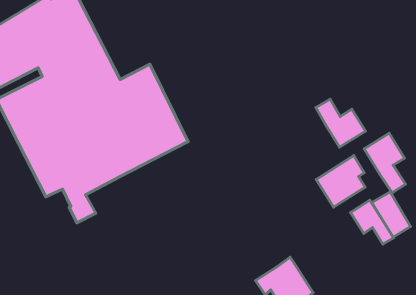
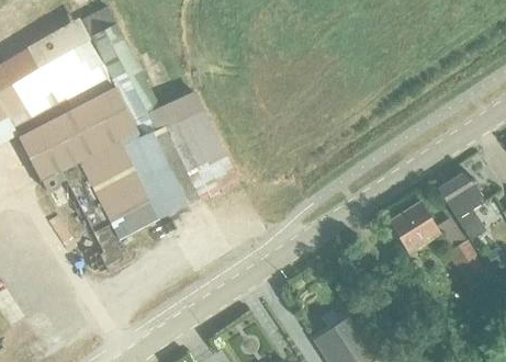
building: [316,99,365,147] -> none
building: [351,200,393,244] -> none

